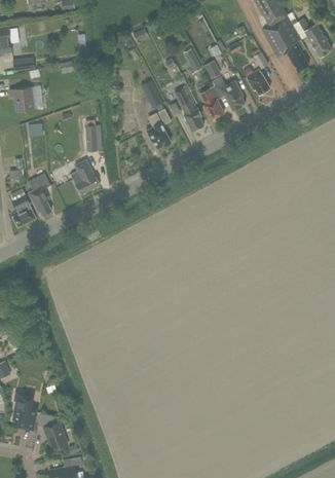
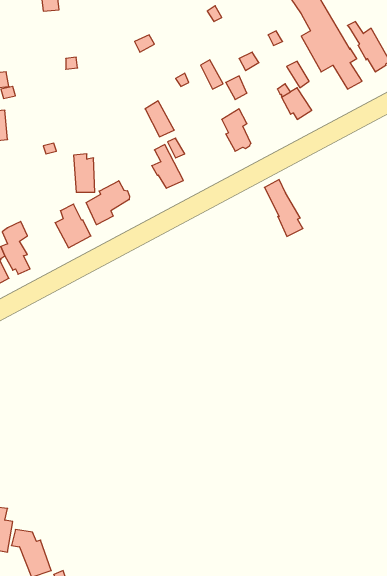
building: [213,76,245,109] -> none
building: [174,85,203,130] -> [264,180,303,236]
building: none -> [86,181,130,225]

